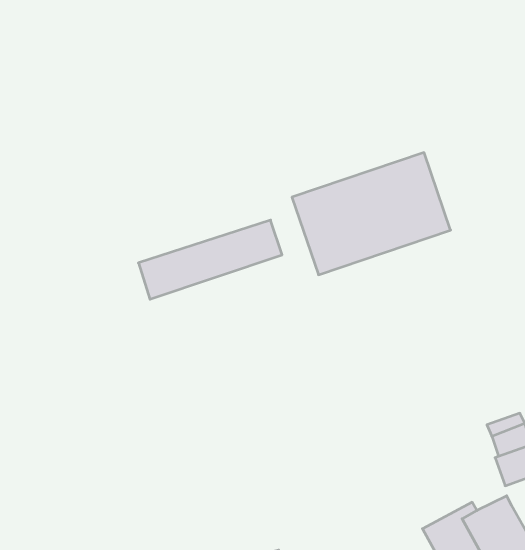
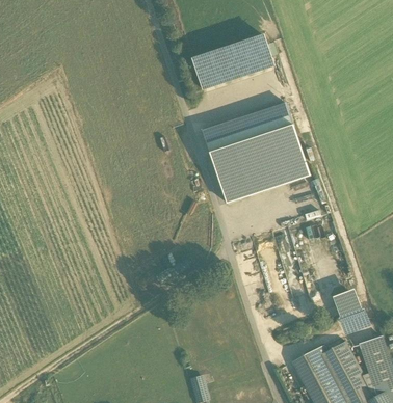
building: none -> [192,35,273,88]
building: [138,220,282,299] -> [203,103,293,153]

